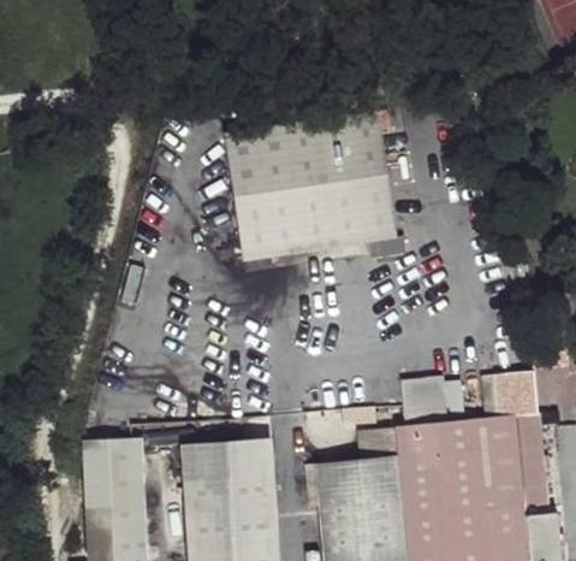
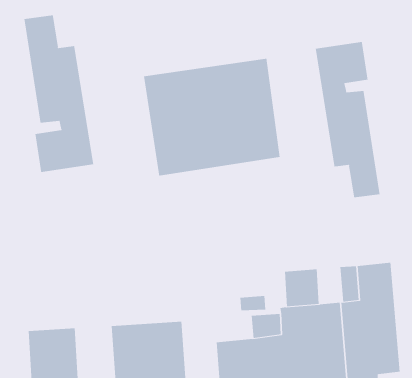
building: none -> [24,15,94,173]
building: none -> [315,41,380,198]

